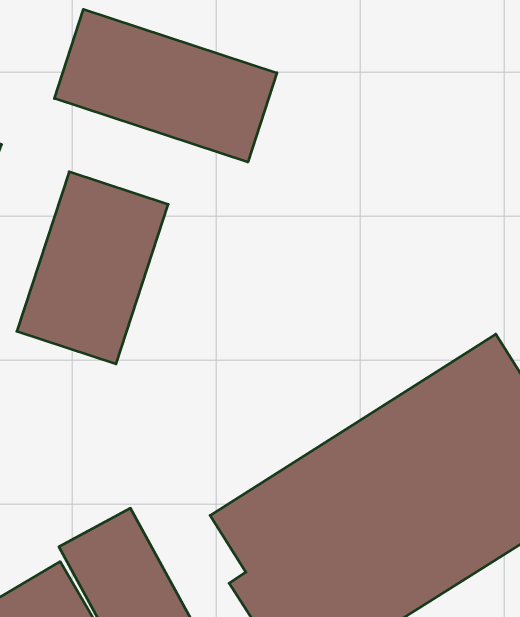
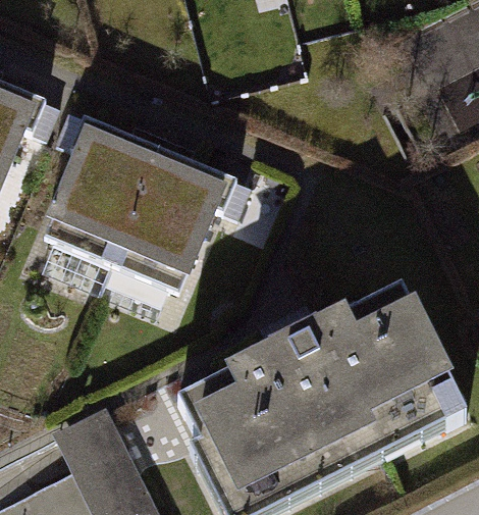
building: [54,9,277,162] -> none
building: none -> [104,167,224,313]

